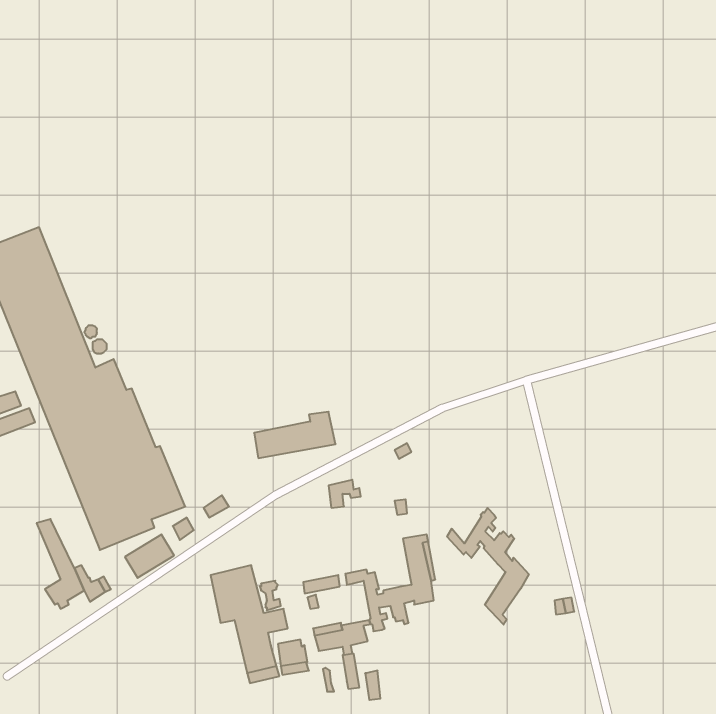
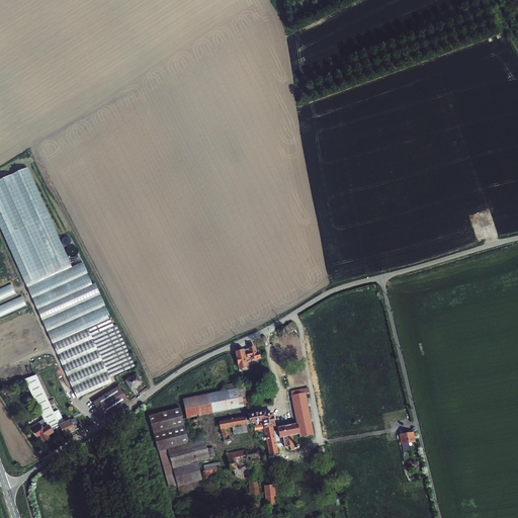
building: [254,412,336,458] -> [184,382,243,416]
building: [447,508,529,625] -> none

